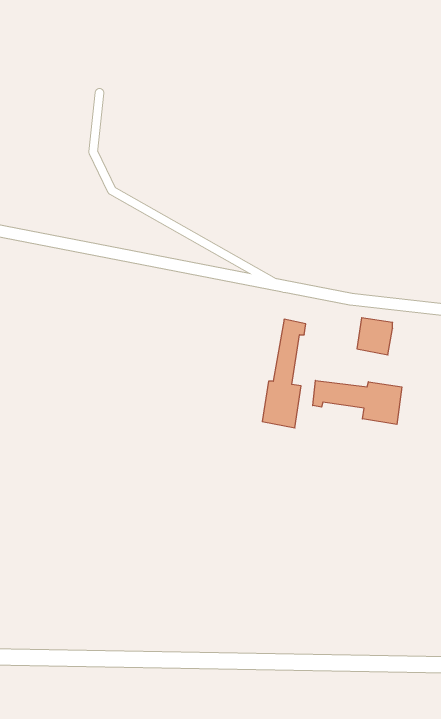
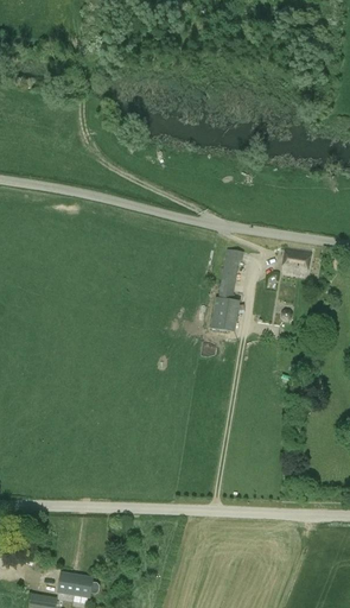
building: [313,380,402,424] -> none

